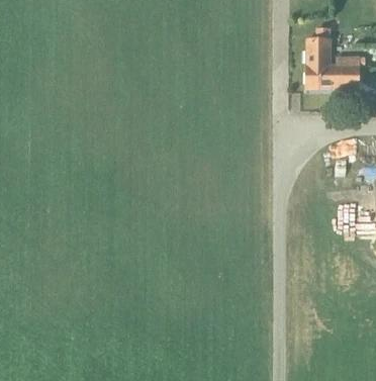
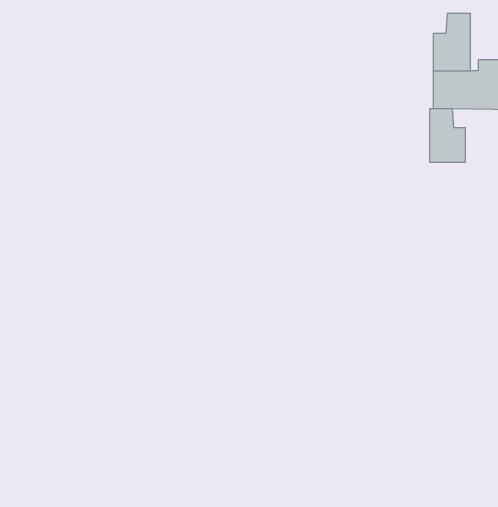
building: none -> [430,108,465,162]

